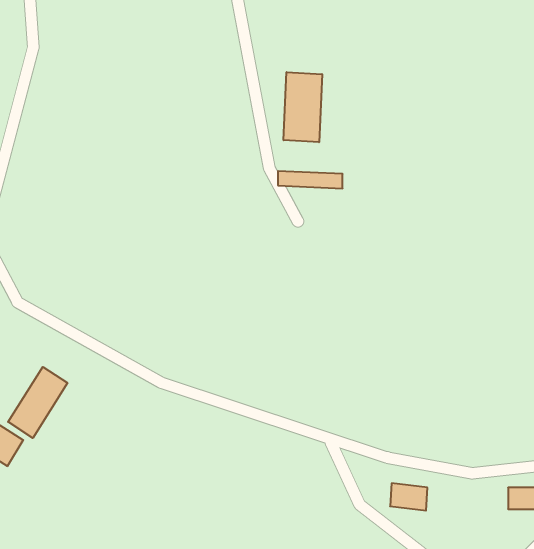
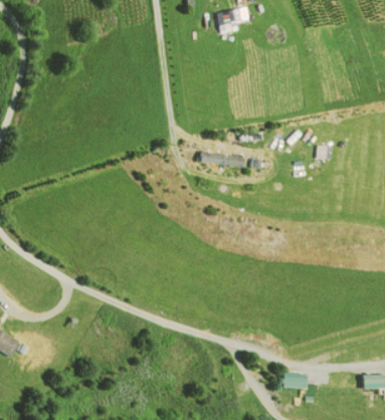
building: [284,72,322,142] -> none
building: [8,367,67,438] -> none

